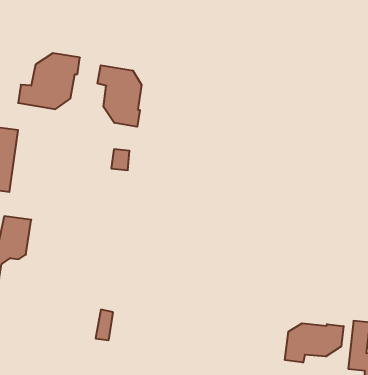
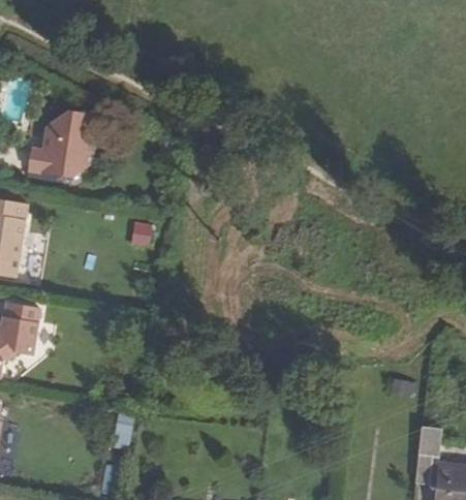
building: [98,65,142,127] -> none
building: [285,323,344,363] -> none

